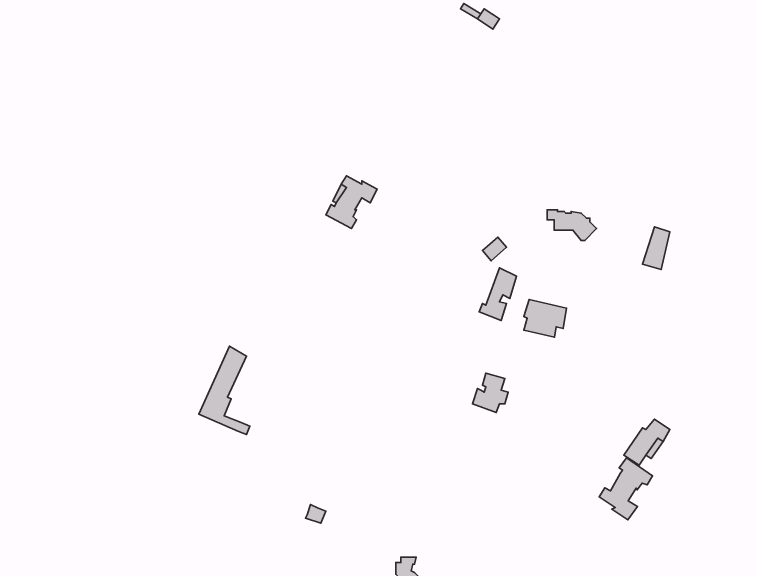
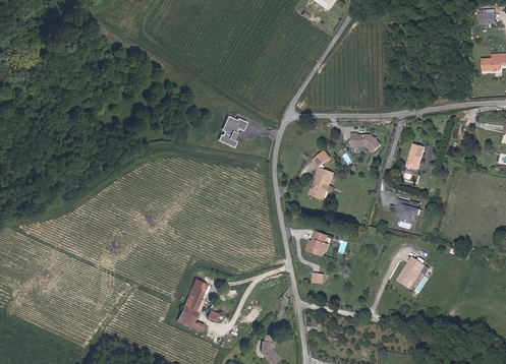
building: [524,300,566,337] -> [395,198,420,221]
building: [199,346,250,435] -> [177,278,208,330]
building: [599,458,653,520] -> none

